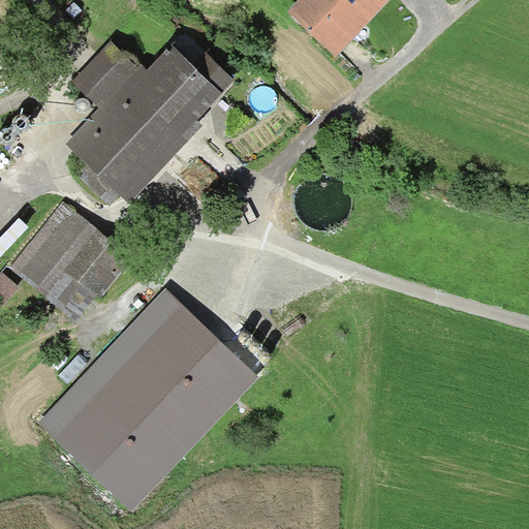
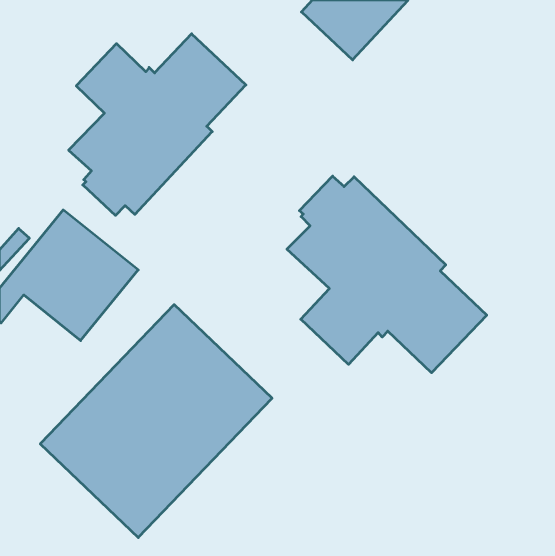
building: none -> [287,176,487,373]

